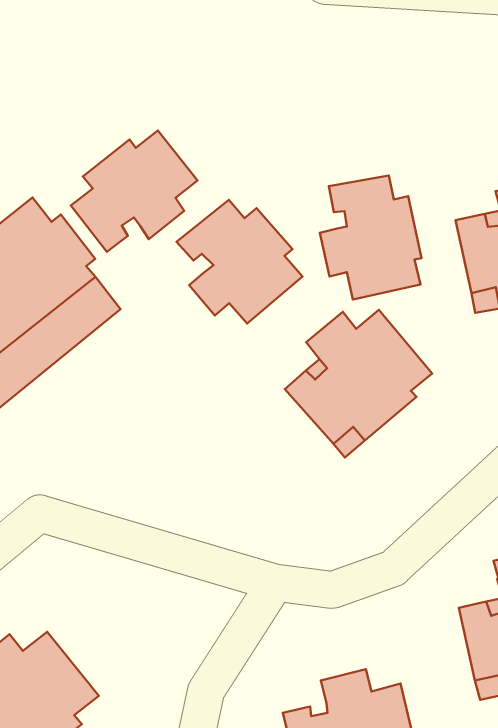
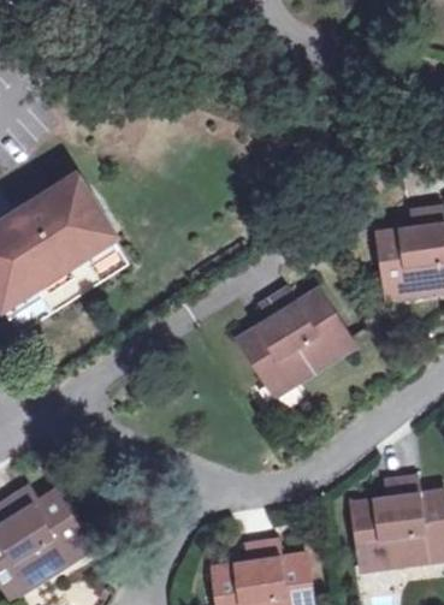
building: [71,131,198,252] -> none
building: [320,175,421,299] -> none
building: [177,200,302,324] -> none

